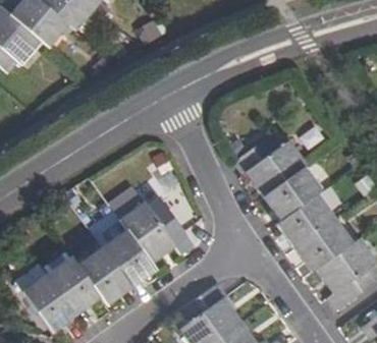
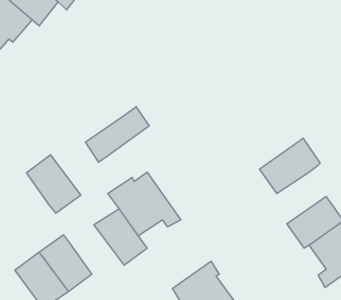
building: none -> [86,107,149,162]
building: [238,130,312,191] -> none
building: [277,194,335,246] -> none
building: [76,247,131,306] -> [26,155,81,213]

